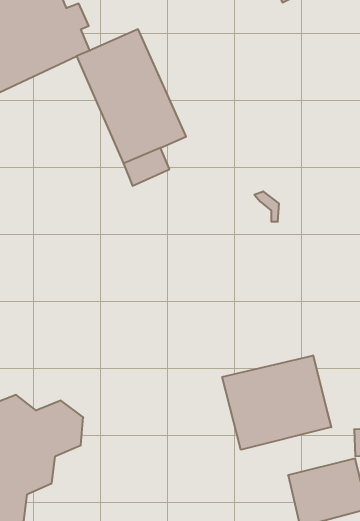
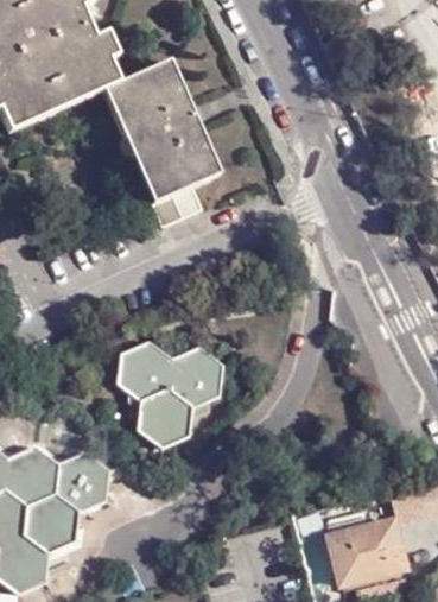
building: none -> [120,341,224,448]
building: [222,355,331,450] -> none

